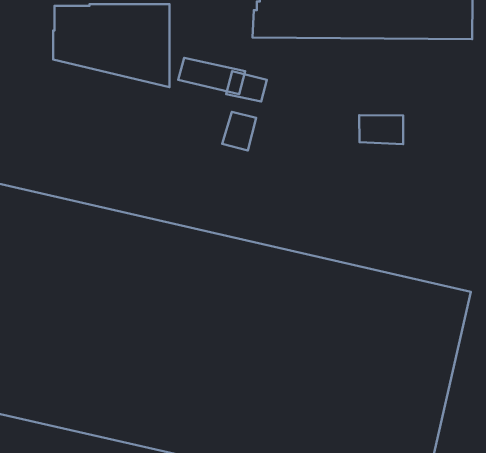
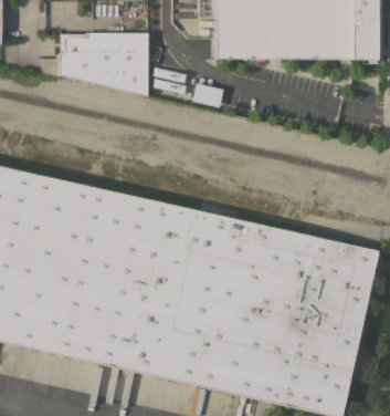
building: [222,112,256,150] -> none
building: [359,115,403,144] -> none

